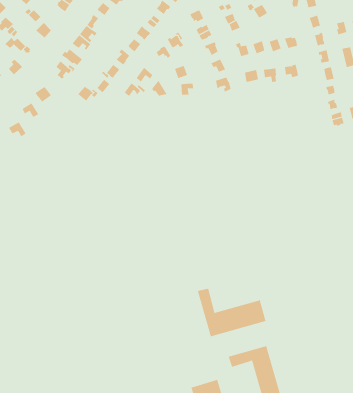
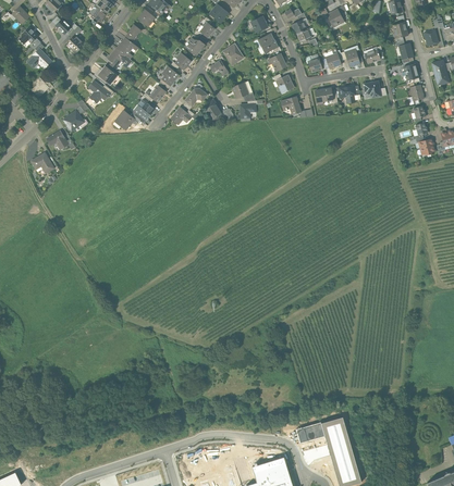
building: [197,288,266,337] -> none

